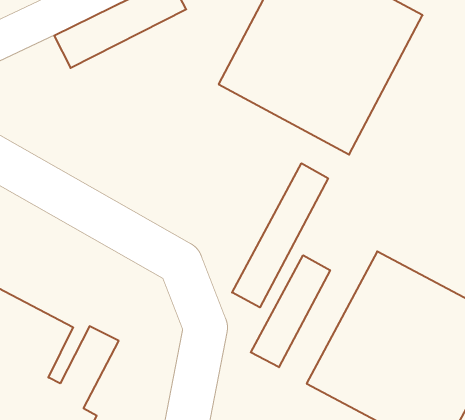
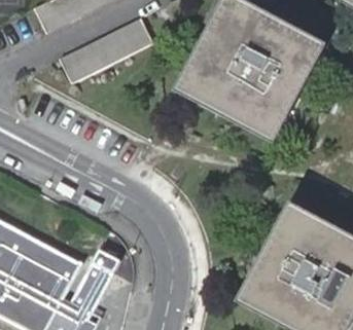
building: [232,163,328,307] -> none
building: [251,255,330,367] -> none

